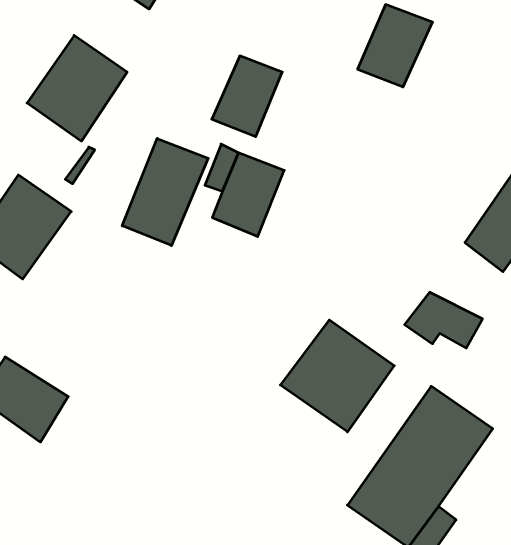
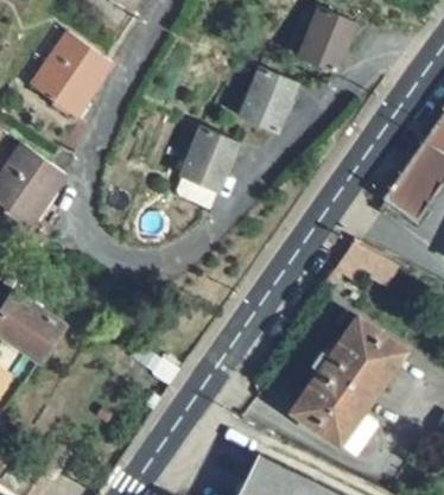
building: [212,56,282,137] -> [239,66,296,132]
building: [122,138,208,246] -> none
building: [280,320,394,432] -> none

